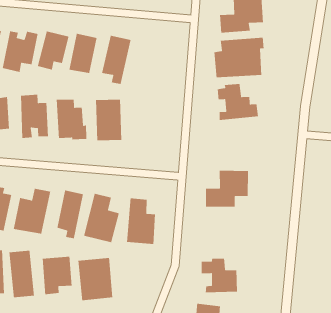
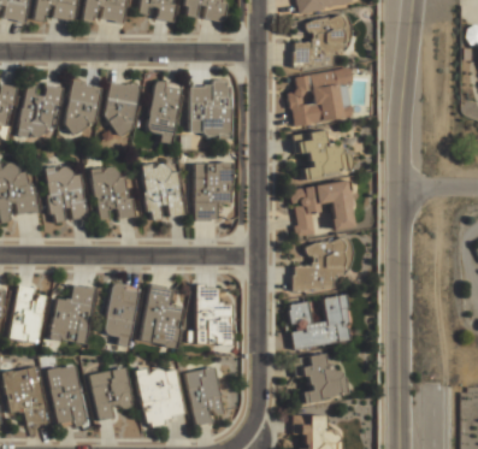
building: none -> [190,83,231,136]
building: none -> [195,163,234,220]
building: none -> [289,181,354,236]
building: none -> [288,294,352,349]
building: none -> [184,366,224,425]

